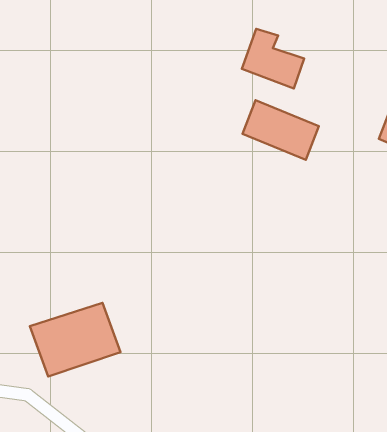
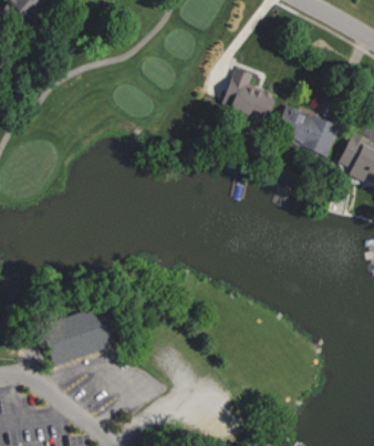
building: [243,100,319,160] -> [273,104,339,155]

